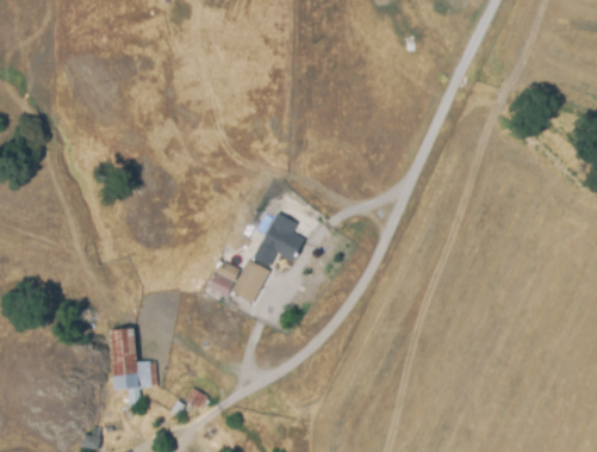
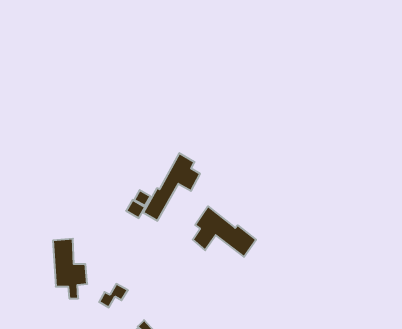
building: none -> [193,206,256,257]

